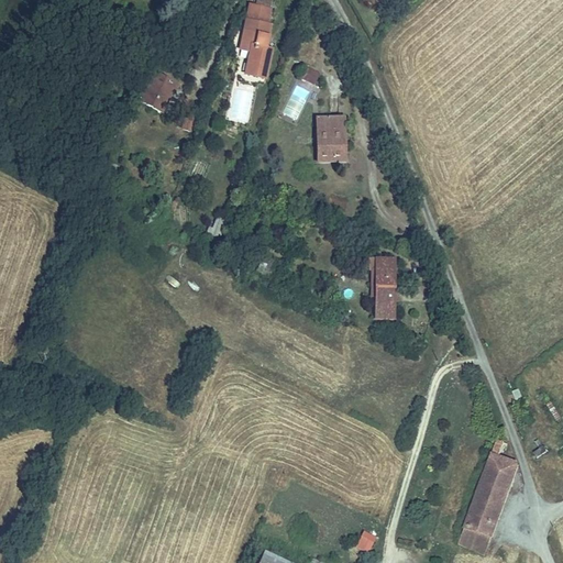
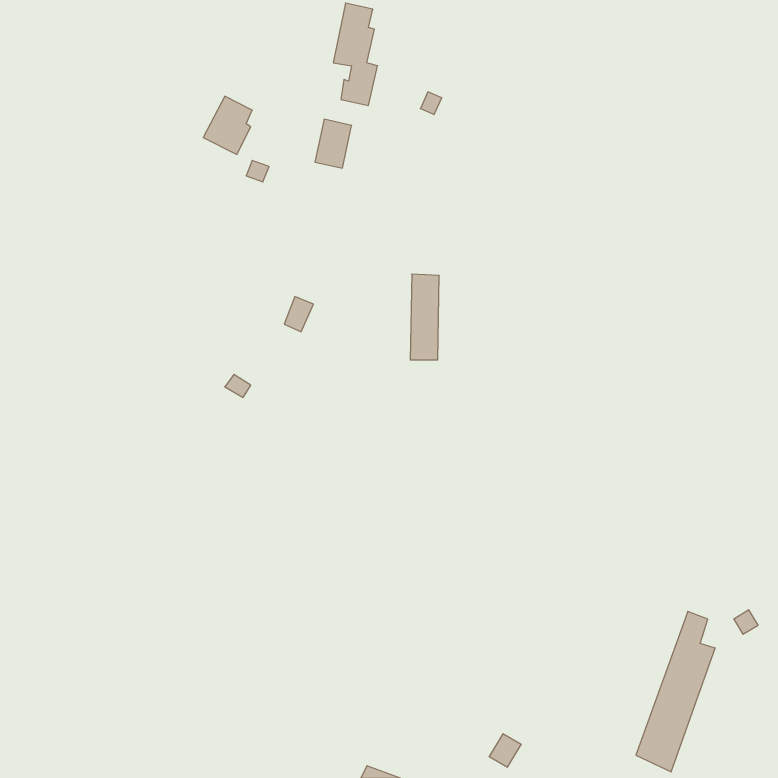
building: [314,117,346,161] -> none
building: [376,255,397,317] -> [410,274,439,360]

